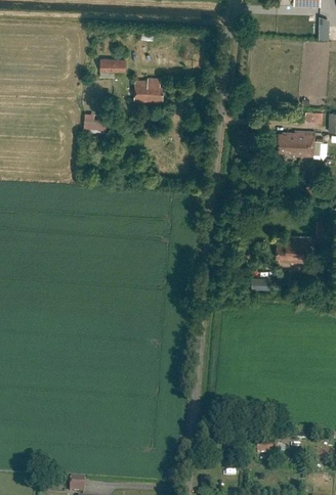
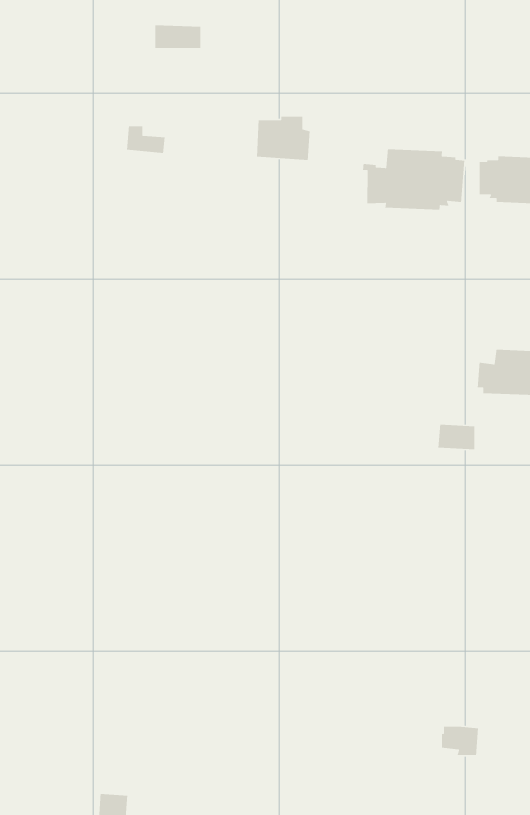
building: [133,78,163,102] -> [256,116,311,161]
building: none -> [362,149,465,211]

